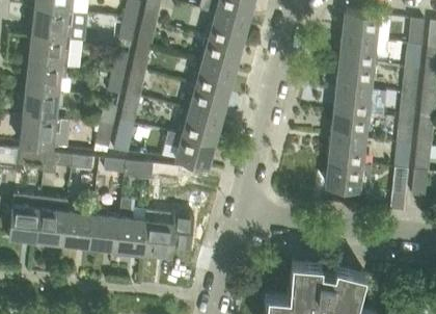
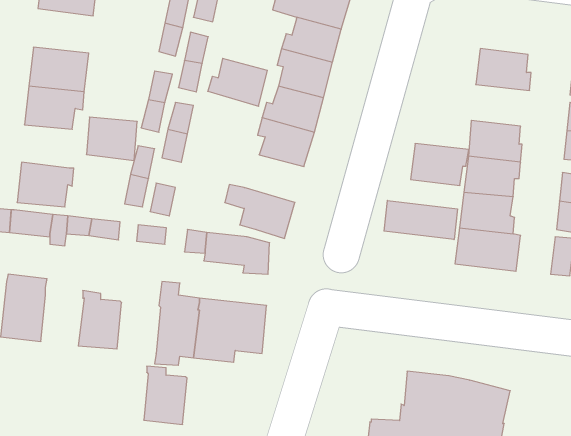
building: [32,10,74,42] -> none
building: [343,12,383,43] -> none
building: [336,63,377,93] -> [411,144,469,185]
building: [24,91,59,122] -> [86,117,137,160]
building: [179,112,220,146] -> [208,58,267,106]
building: none -> [384,200,457,240]
building: [37,199,67,245] -> none
building: [90,210,120,251] -> [144,366,187,424]

